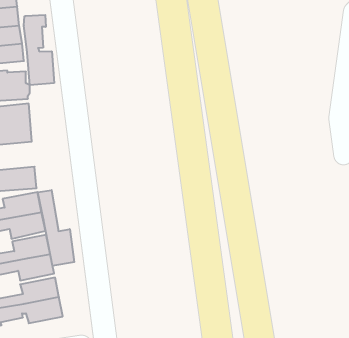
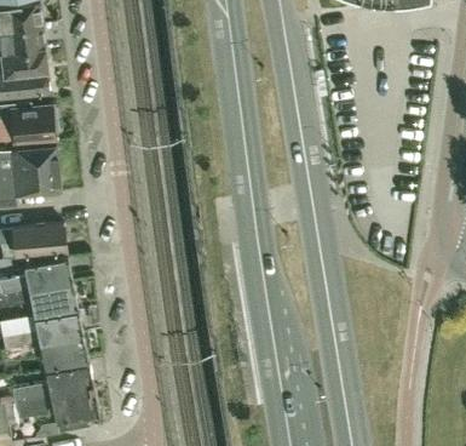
building: [24,15,54,85] -> none
building: [38,190,74,266] -> none

